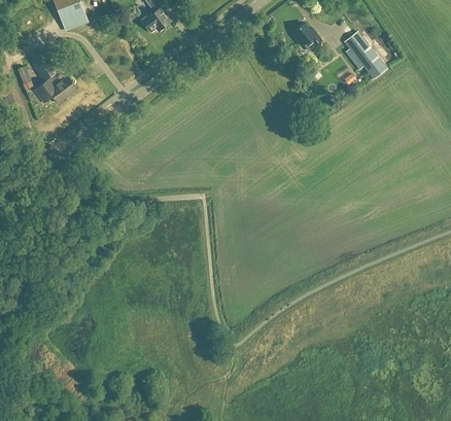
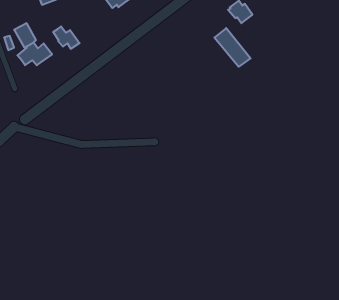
building: [344,32,388,79] -> [214,28,251,67]
building: none -> [53,26,80,49]

